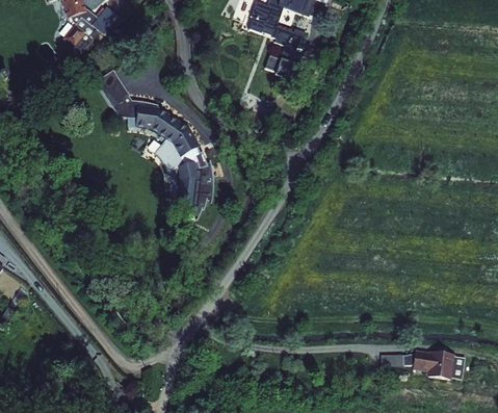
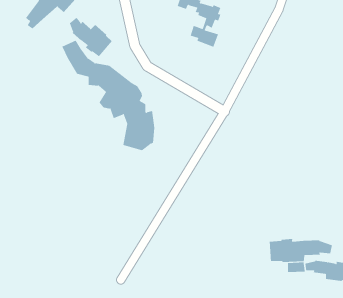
building: none -> [69,17,112,57]
building: none -> [269,238,332,263]

